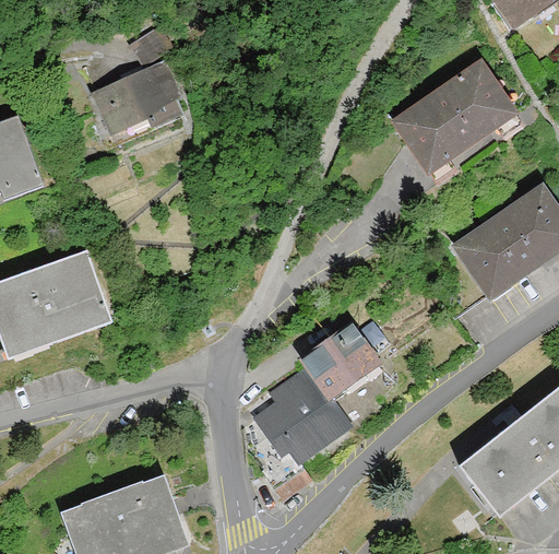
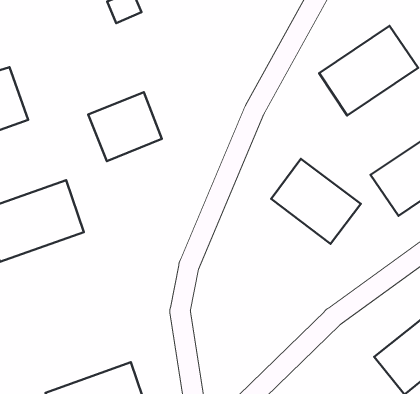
building: [93,61,182,145] -> [88,92,162,161]
building: none -> [271,159,361,244]
building: [250,327,380,498] -> none

